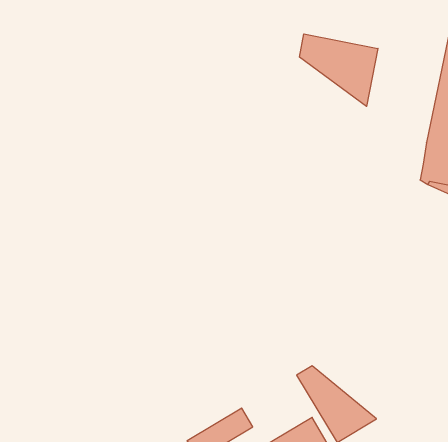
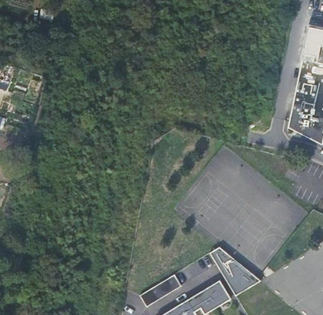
building: [299,34,378,106] -> none

